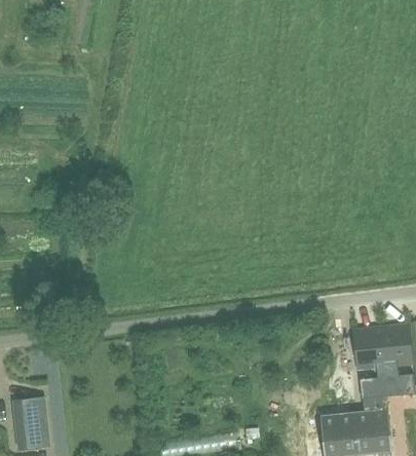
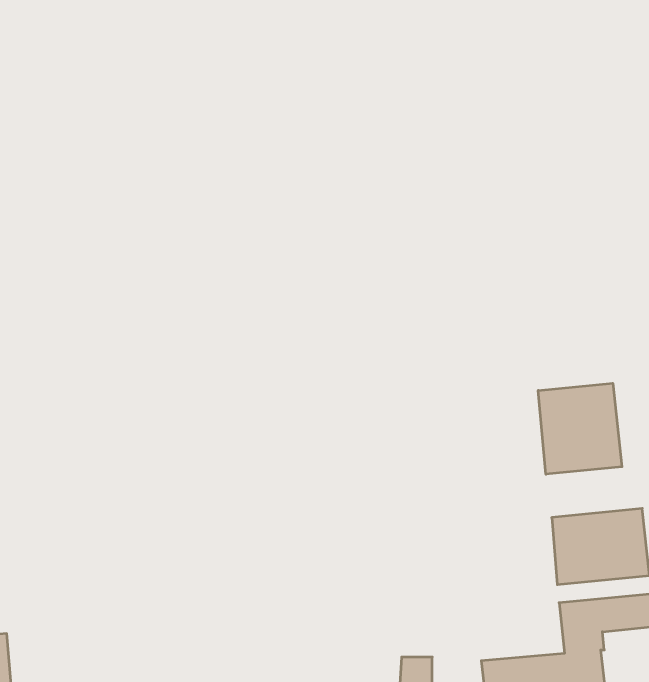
building: none -> [538,383,622,474]

